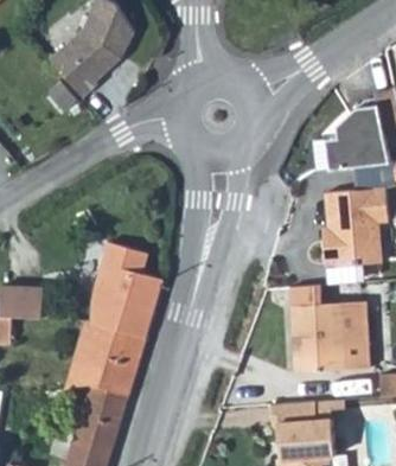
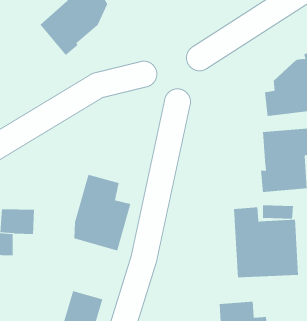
building: [74,321,146,396] -> none

